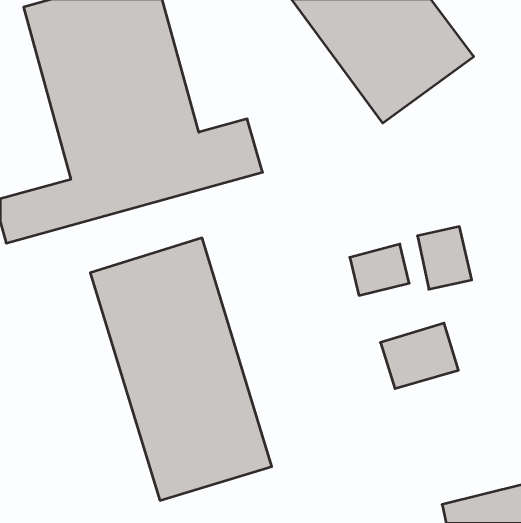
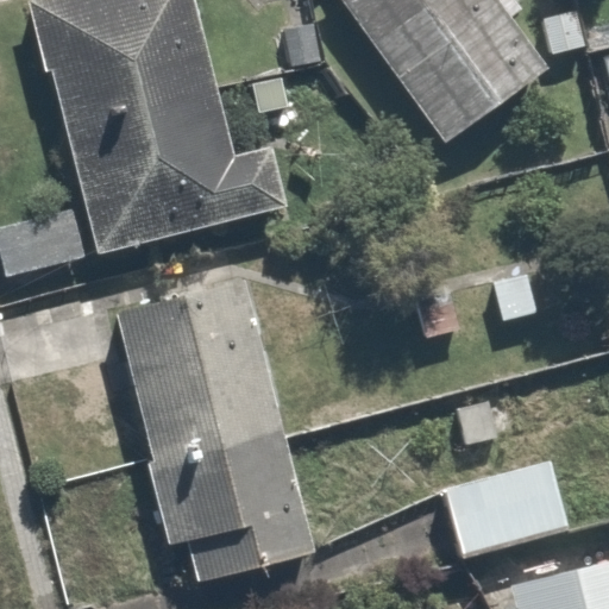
building: none -> [433,452,569,564]

